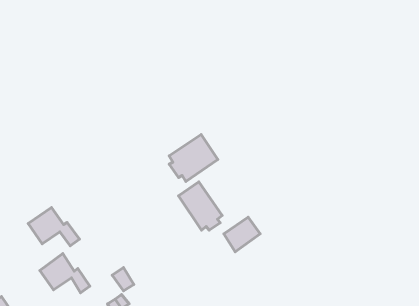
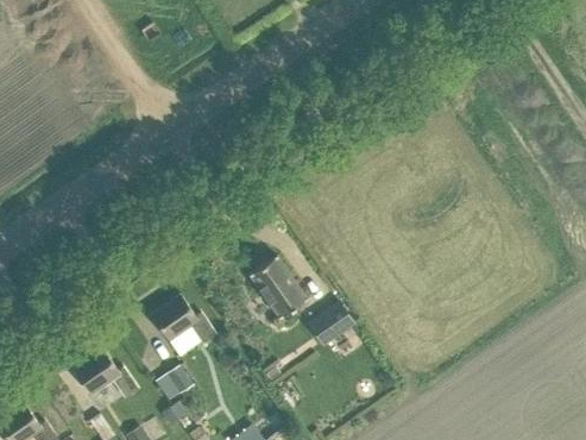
building: [169,135,218,182] -> none
building: [28,208,79,246] -> [150,294,215,342]

